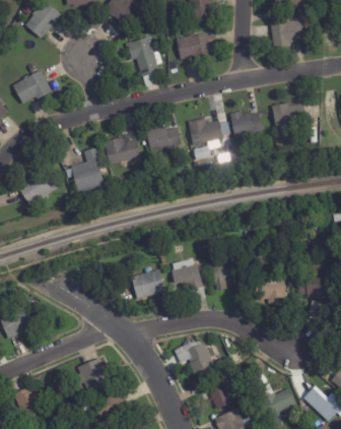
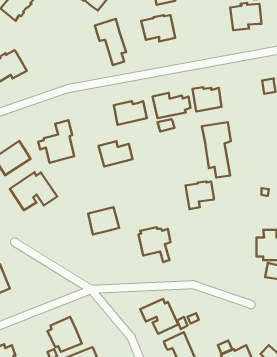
building: [272,103,306,127] -> none
building: [104,136,140,164] -> [98,141,132,167]
building: none -> [202,122,231,178]
building: none -> [10,172,57,210]
building: [212,260,243,290] -> [186,182,214,209]
building: [132,269,165,299] -> [88,207,119,234]
building: [255,273,293,303] -> none

